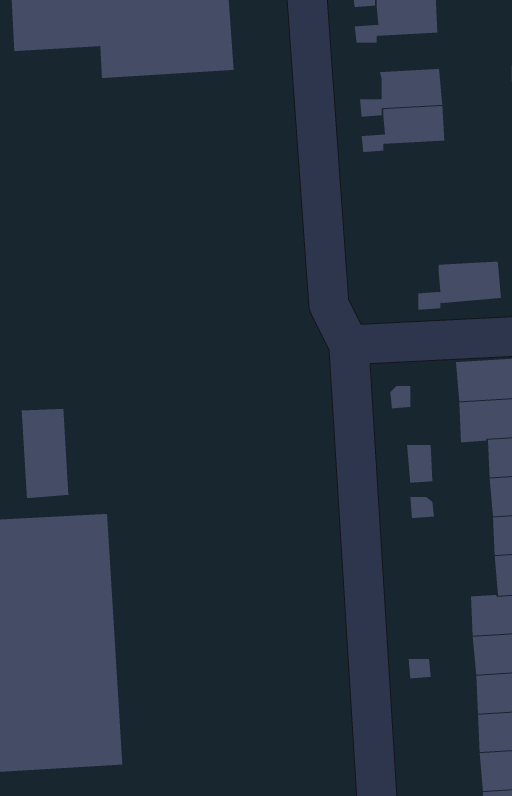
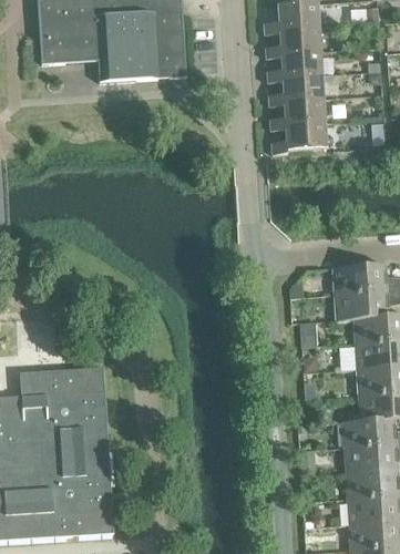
building: none -> [267,51,321,82]
building: [418,261,502,310] -> [271,122,327,154]
building: [21,408,69,499] -> none

